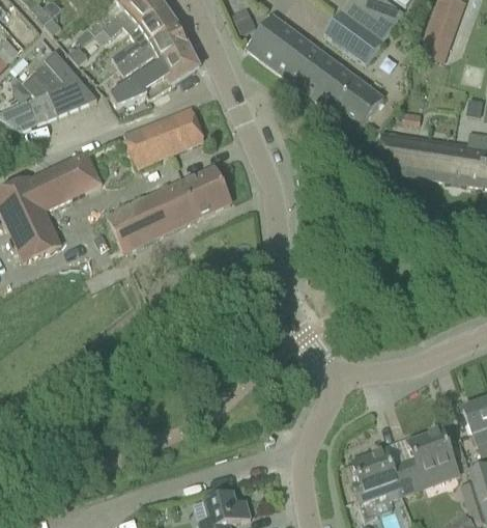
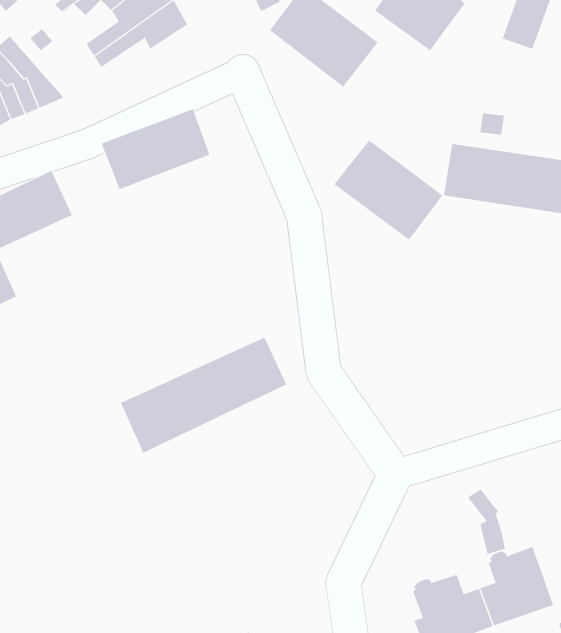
building: [110,43,197,106] -> none
building: [303,56,383,131] -> [334,139,443,240]
building: [108,166,231,252] -> [120,337,287,453]
building: none -> [467,489,505,556]

